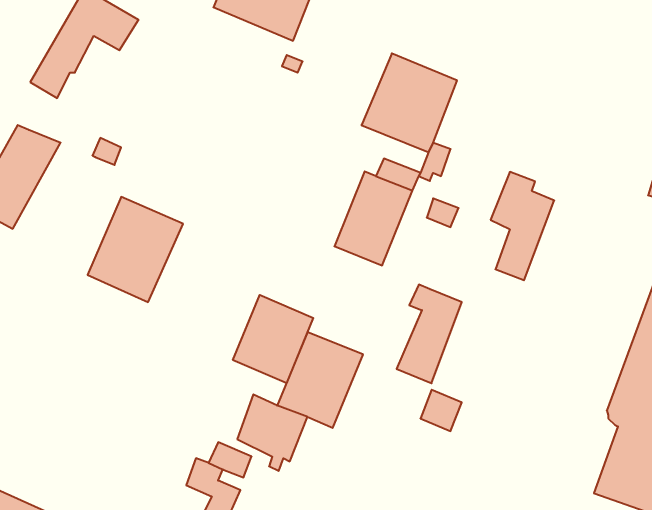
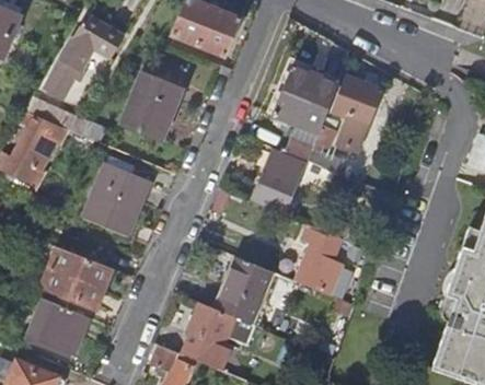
building: none -> [123,71,185,140]
building: [491,172,554,280] -> [333,78,377,152]
building: [233,295,313,383] -> none
building: none -> [42,246,112,308]
building: none -> [28,298,89,352]

